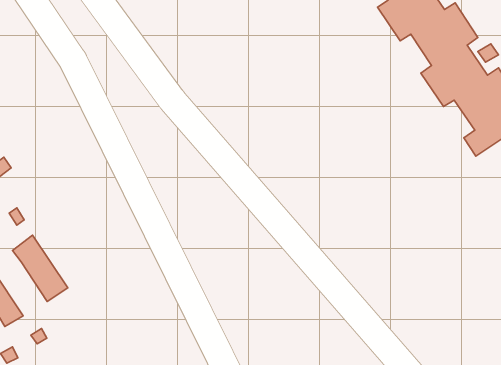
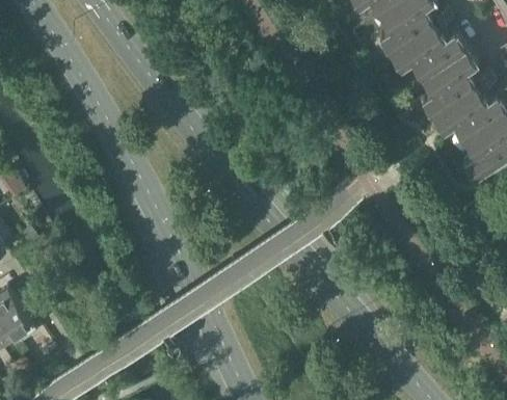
building: [12,235,68,302] -> none

